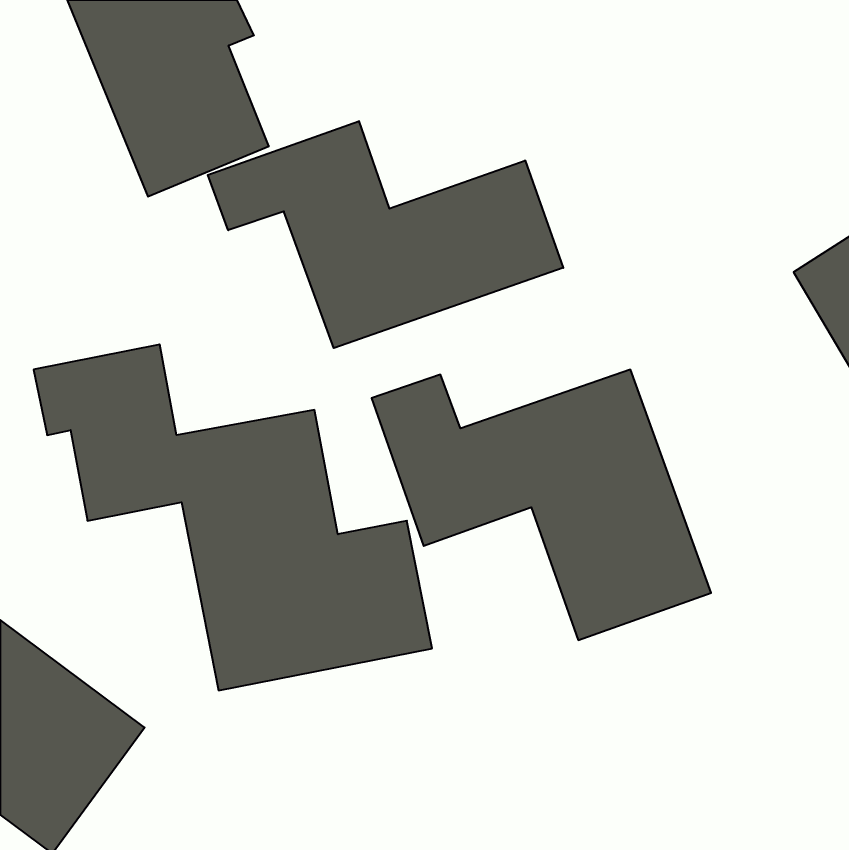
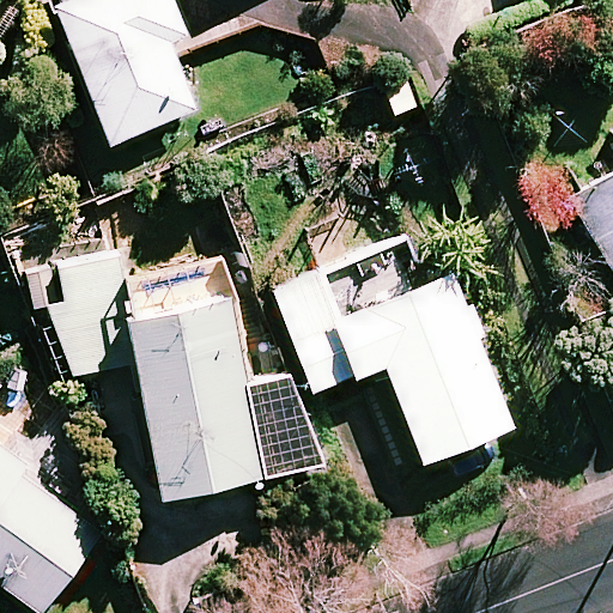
building: [208,121,563,348] -> none

